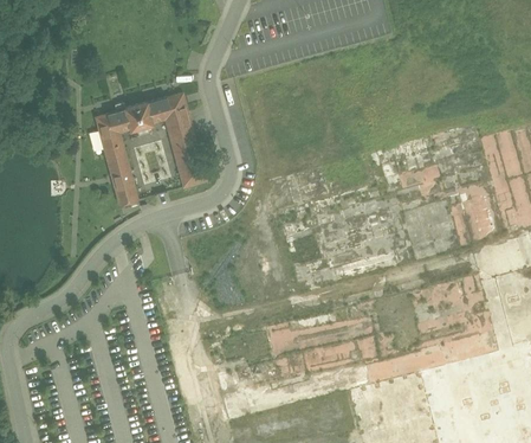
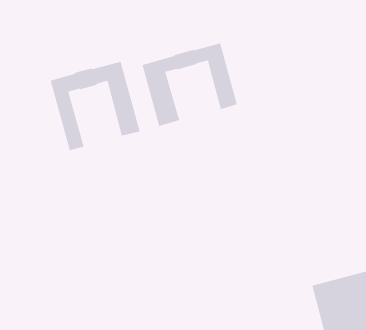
building: none -> [142,43,237,127]

